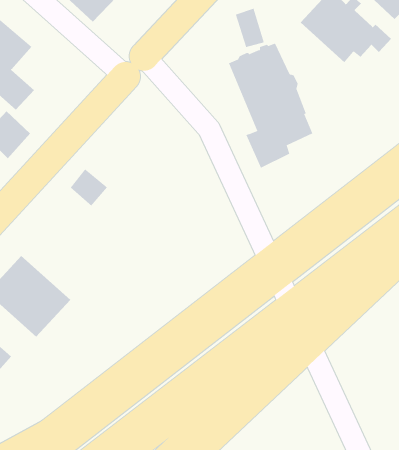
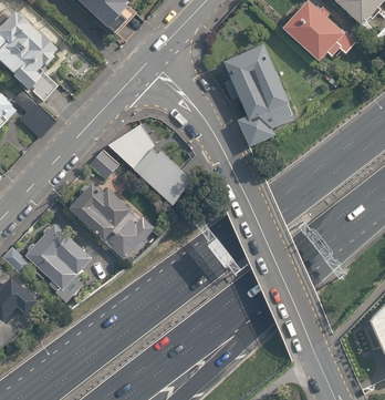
building: [235,8,264,48] -> none
building: none -> [110,126,194,203]
building: none -> [70,184,152,261]

